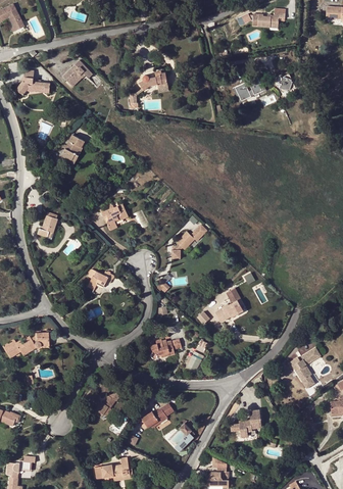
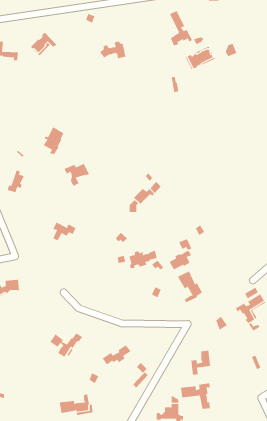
building: none -> [169,10,193,46]
building: [60,134,84,164] -> [43,127,64,154]
building: none -> [177,271,203,303]
building: [149,338,181,358] -> [128,250,157,269]
building: none -> [180,382,210,409]

